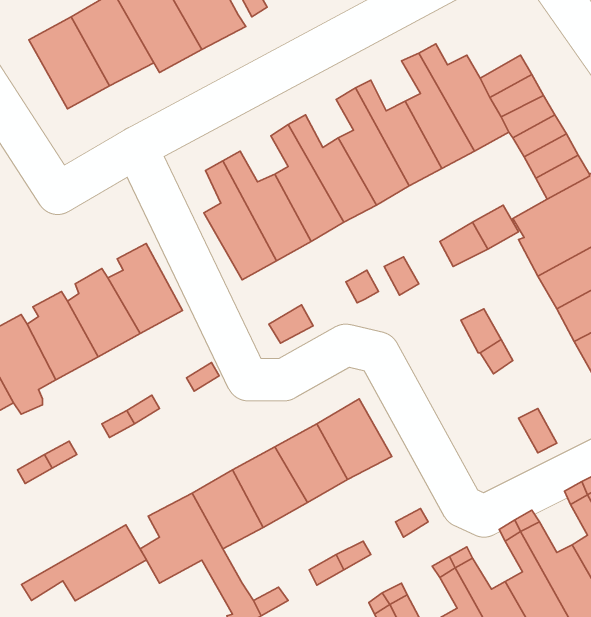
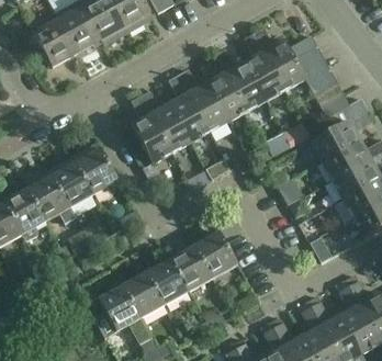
building: [22,525,146,601] -> none

